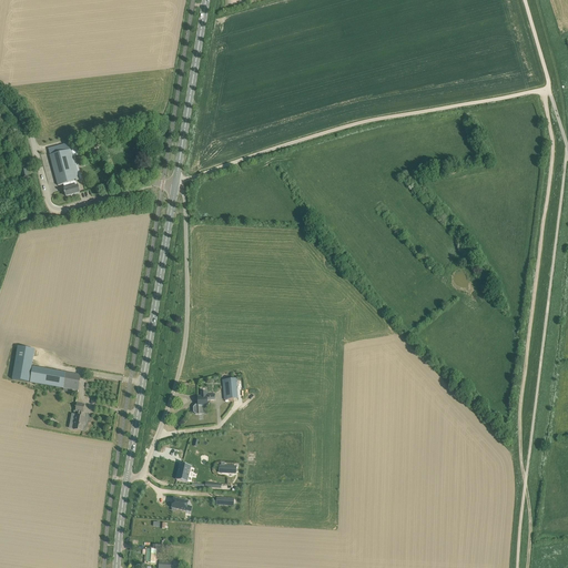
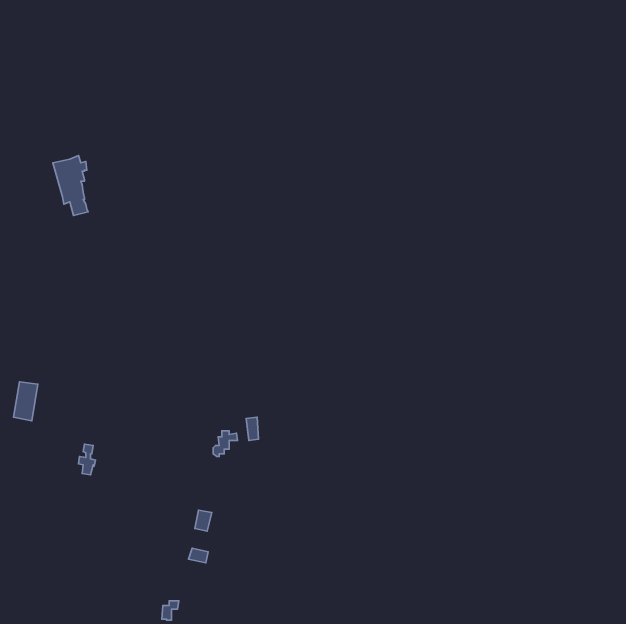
building: [30,366,81,389] -> none

